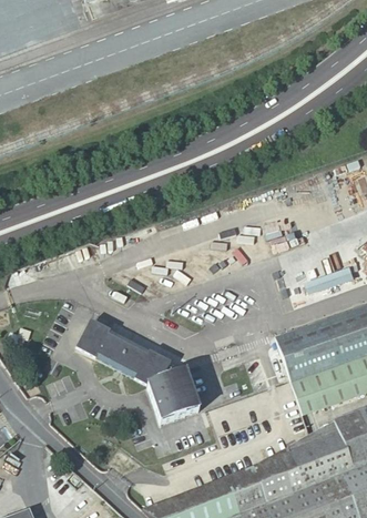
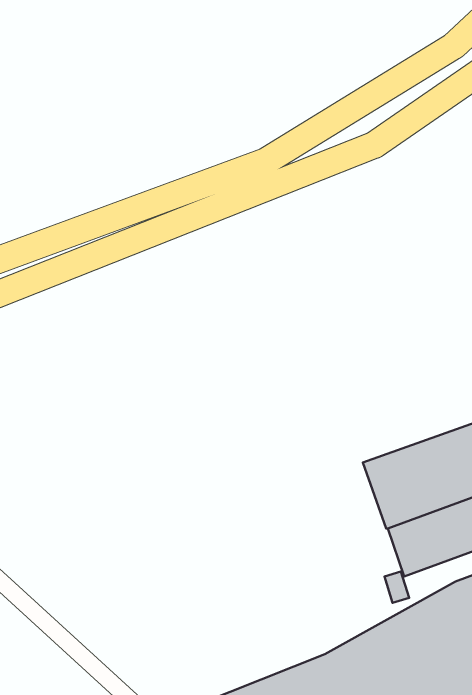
building: [75,321,200,424] -> none

